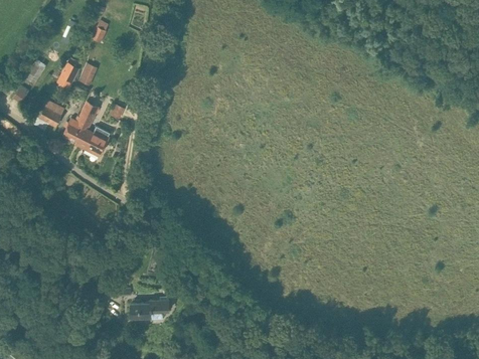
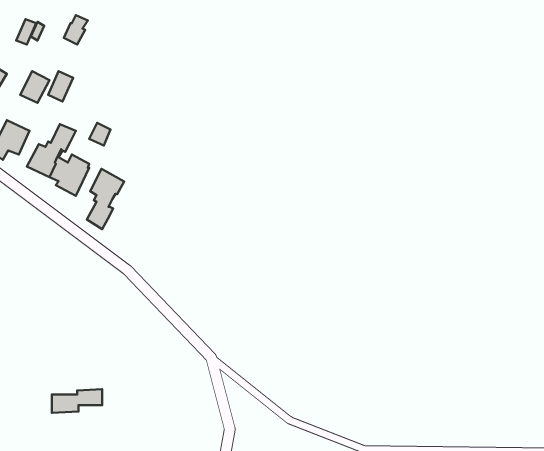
building: none -> [87,169,124,229]
building: [130,299,168,317] -> [52,389,102,413]

